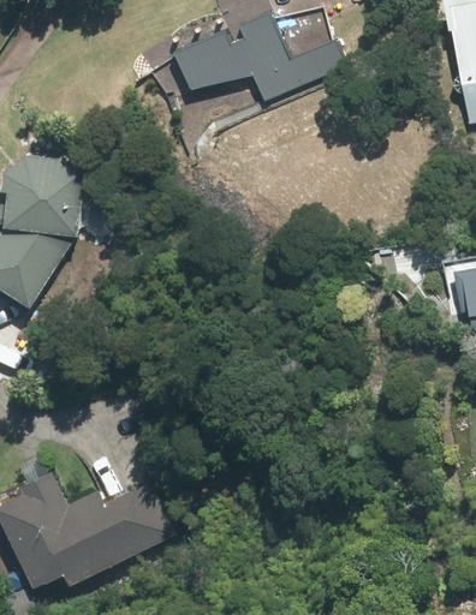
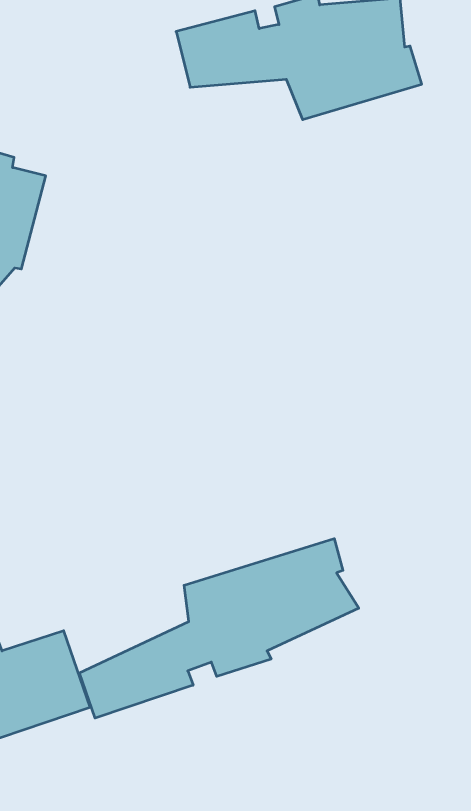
building: none -> [79,539,359,718]

